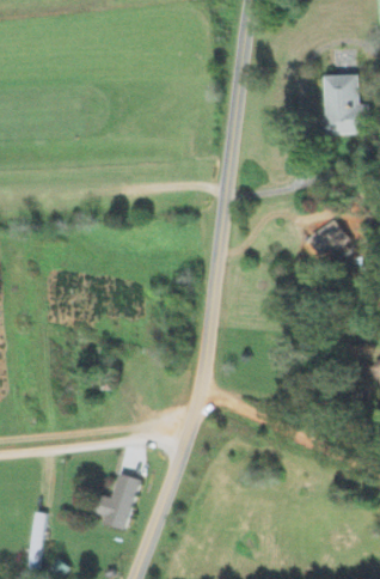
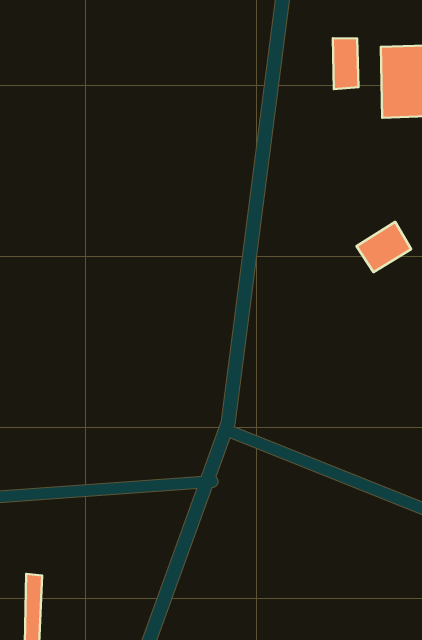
building: none -> [333,38,358,89]
building: [93,473,140,529] -> none

